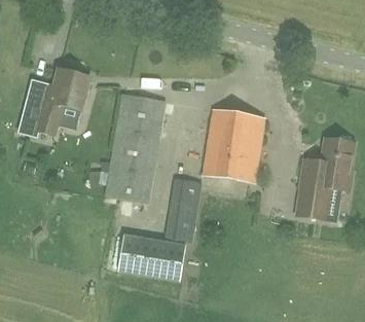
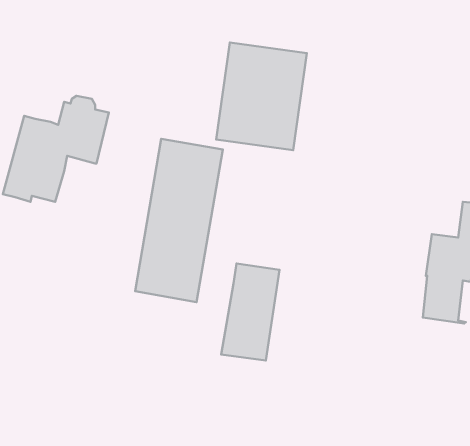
building: [203,110,263,182] -> [216,42,307,150]
building: [117,235,186,283] -> none

